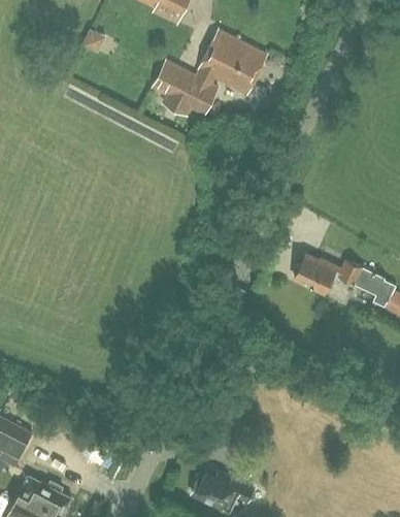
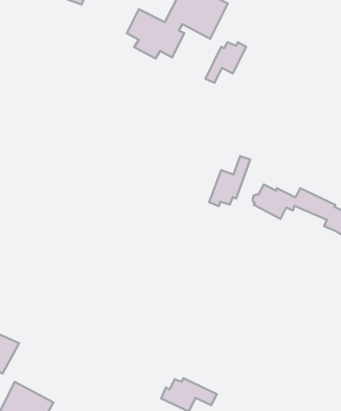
building: none -> [205,42,246,83]
building: none -> [209,156,250,206]

